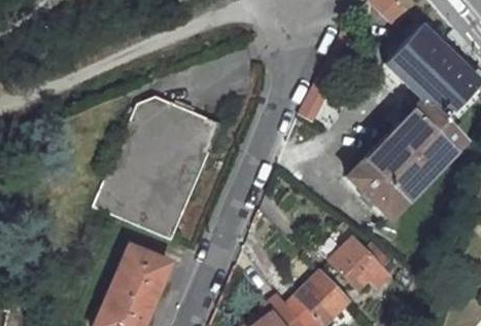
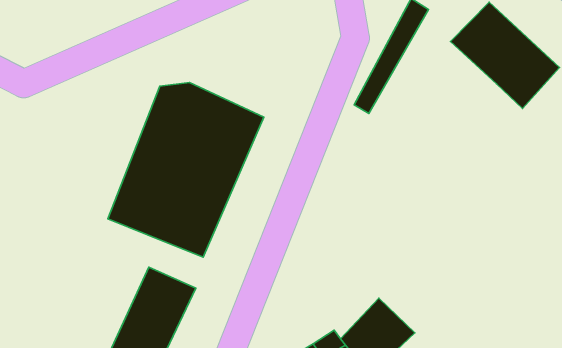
building: [341,97,463,221] -> none
building: [335,240,384,289] -> none

